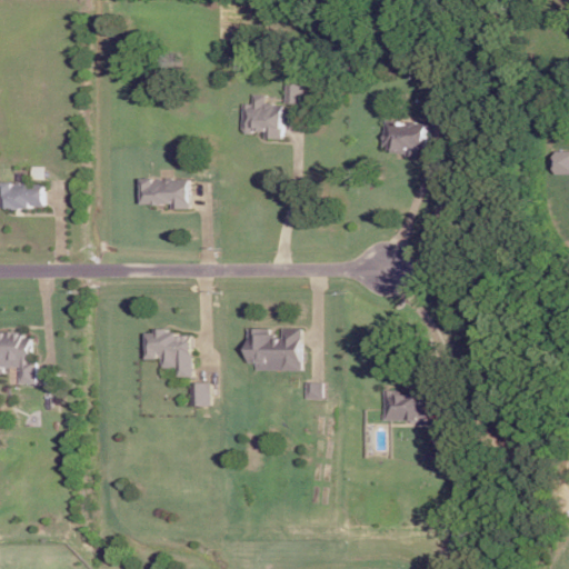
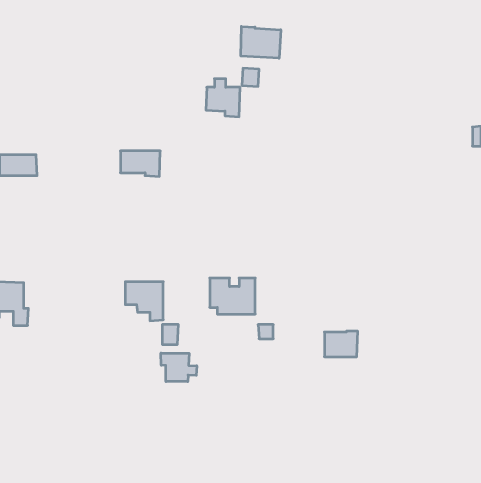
building: none -> [241,26,281,58]
building: [380,121,422,154] -> none
building: none -> [161,353,197,382]

